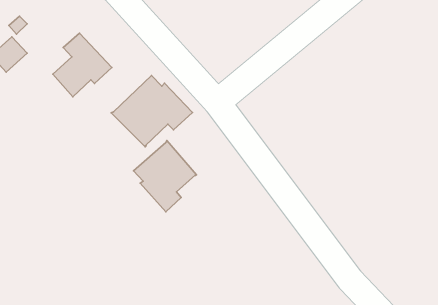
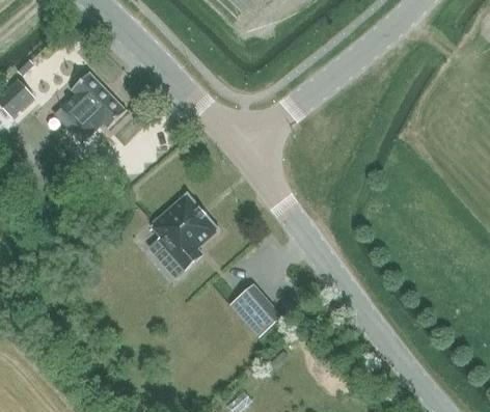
building: [111,75,192,147] -> none
building: none -> [229,285,280,337]

